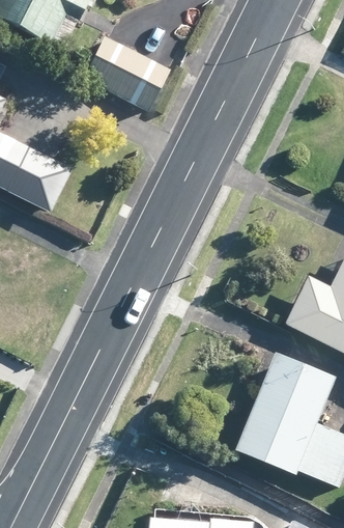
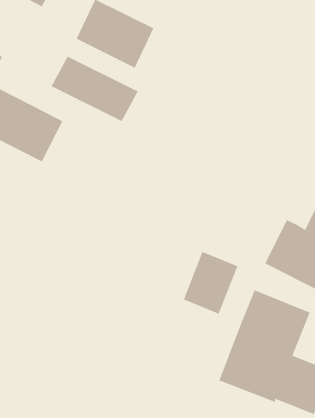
building: none -> [51,56,138,122]
building: none -> [183,251,238,315]

